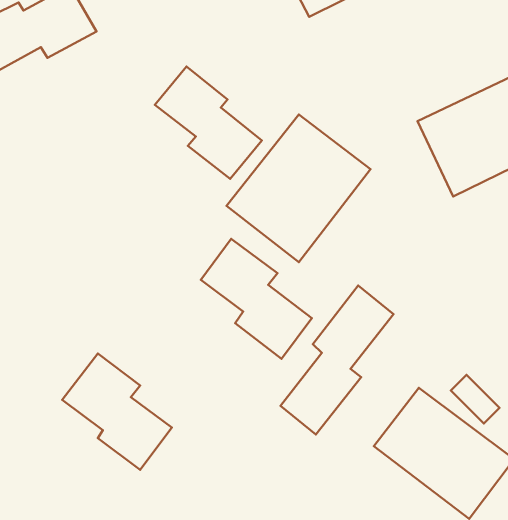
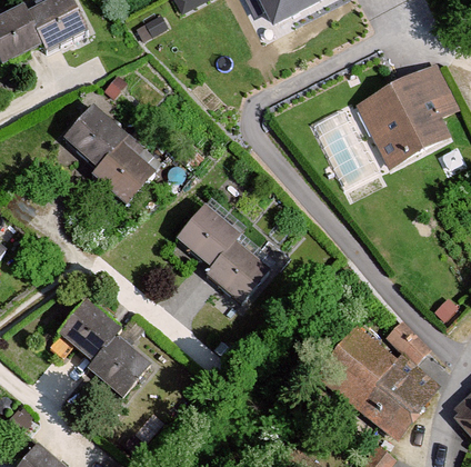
building: [155,67,262,179] -> [64,107,154,201]
building: [227,115,371,262] -> none
building: [280,285,393,434] -> none

